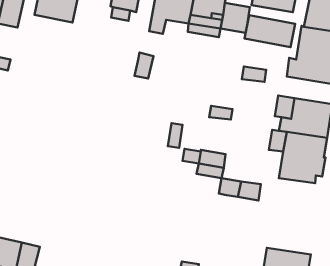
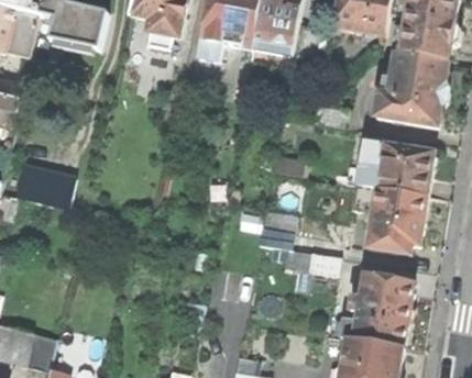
building: [245,15,295,47] -> none
building: none -> [15,162,76,207]
building: none -> [341,274,415,346]

